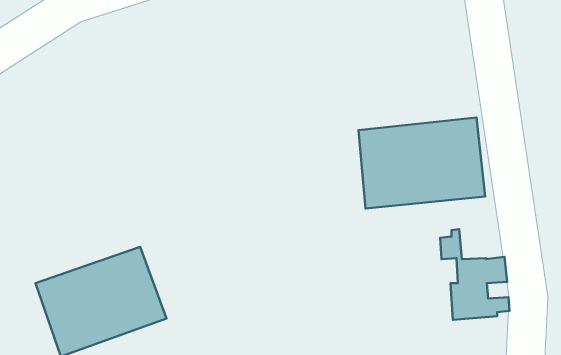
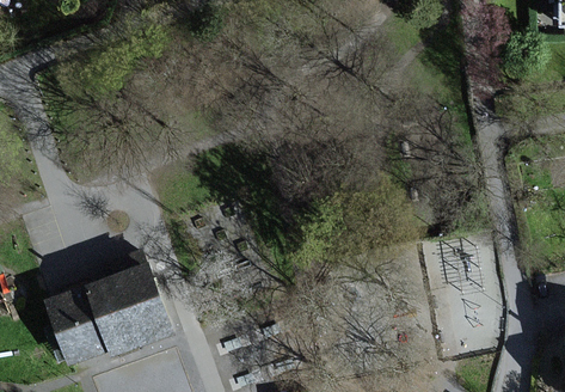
building: [358,118,485,209] -> none

